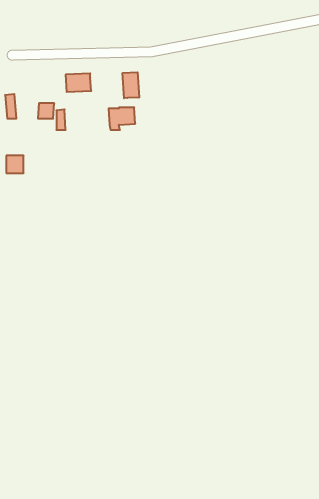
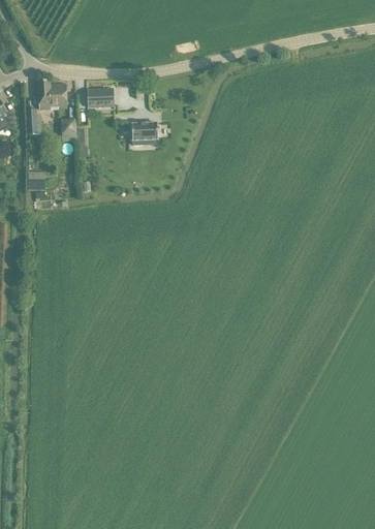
building: none -> [36,80,66,108]
building: [123,72,139,98] -> none

